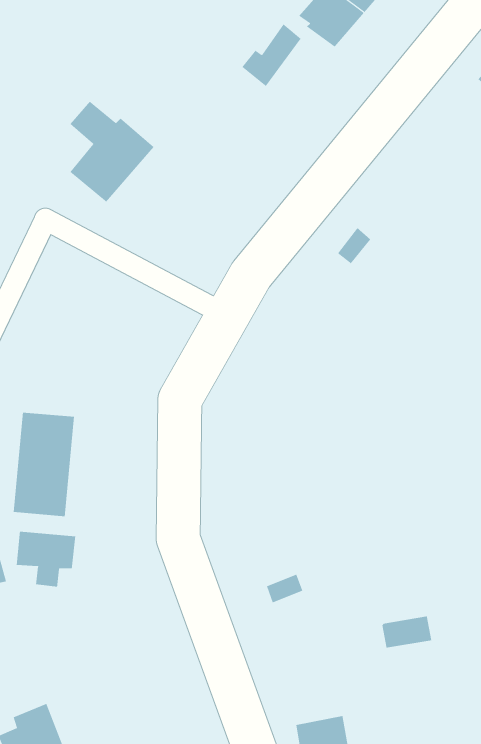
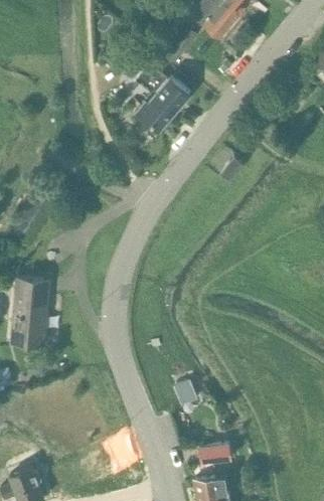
building: [69,101,154,203] -> [137,64,192,131]
building: [16,531,76,587] -> none
building: [381,616,432,648] -> [199,444,232,465]

